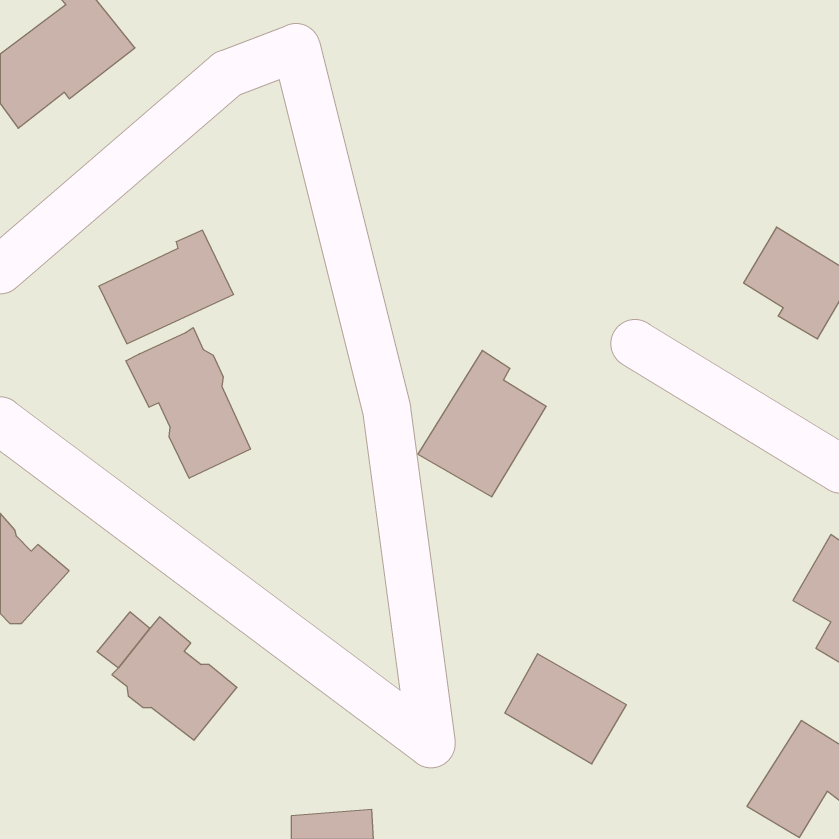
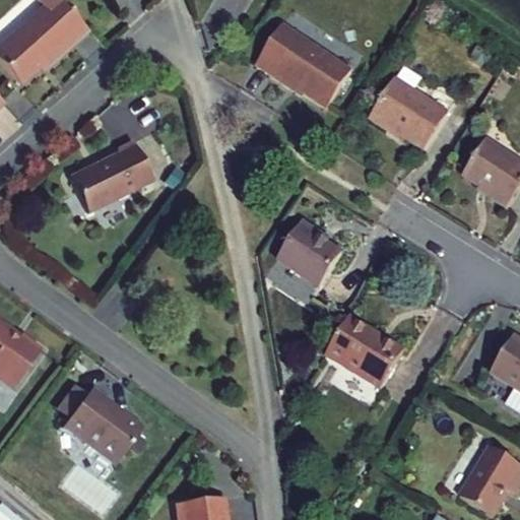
building: none -> [254,24,349,107]
building: none -> [364,81,445,154]
building: [126,328,250,478] -> none
building: [505,654,626,764] -> [330,312,405,380]

